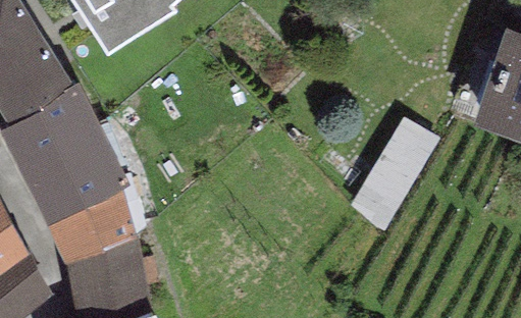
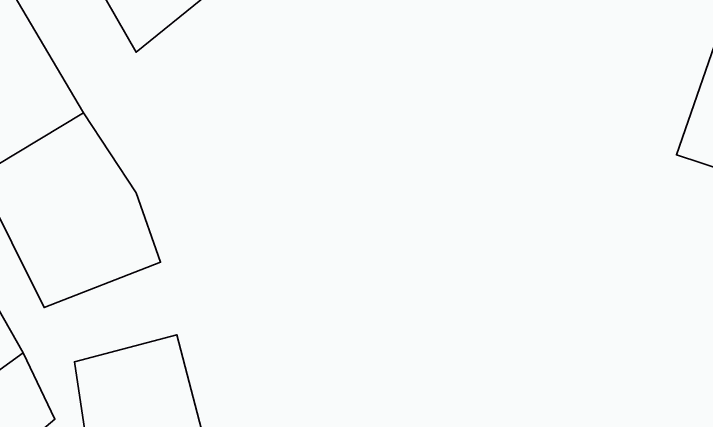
building: [346,126,438,233] -> none
building: [44,193,134,260] -> none

